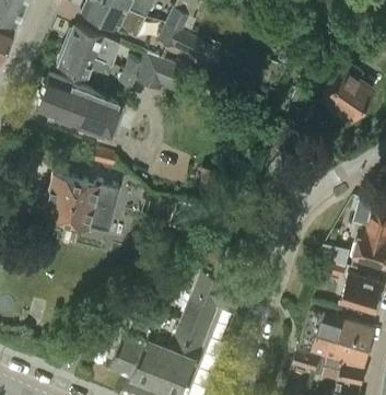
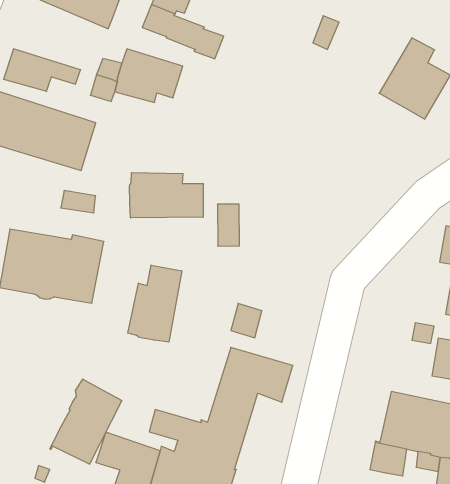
building: [66,27,119,67] -> none
building: none -> [130,173,203,218]
building: none -> [128,265,182,342]
building: none -> [50,379,122,464]

